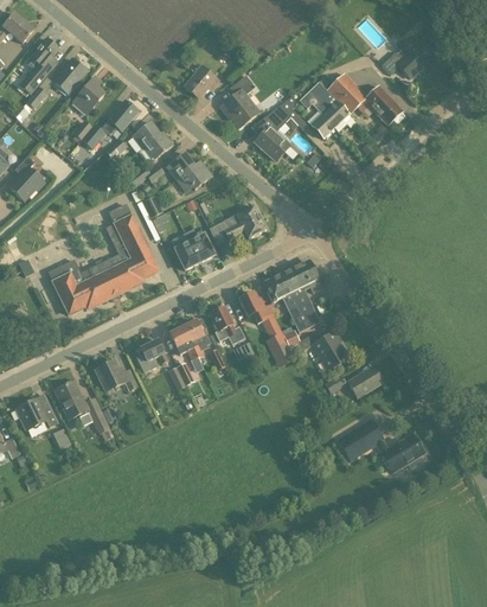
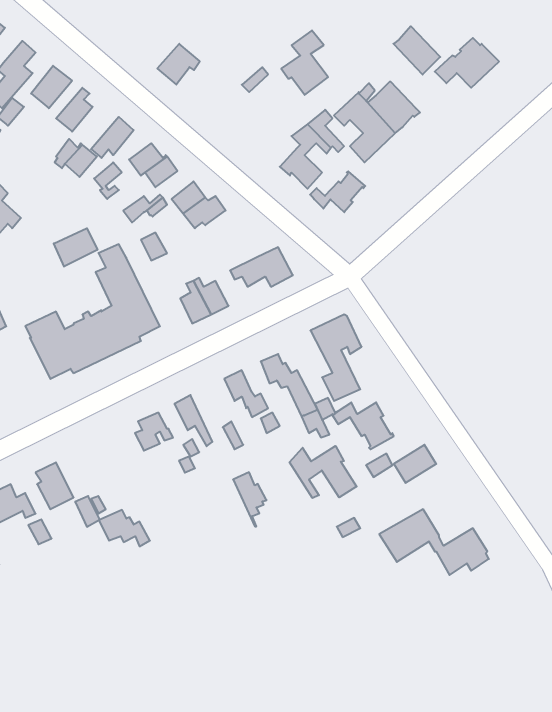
building: [184,65,218,98] -> [157,44,200,85]
building: [220,75,258,127] -> [281,30,328,95]
building: [364,87,402,126] -> [393,26,440,75]
building: none -> [310,171,365,212]
building: none -> [54,228,97,267]
building: [264,274,297,312] -> none
building: [182,320,210,364] -> [233,472,267,526]
building: [95,360,136,390] -> [99,510,150,546]
building: none -> [290,446,357,498]

